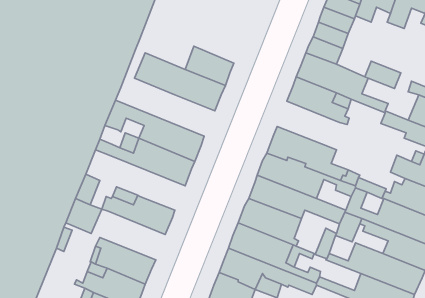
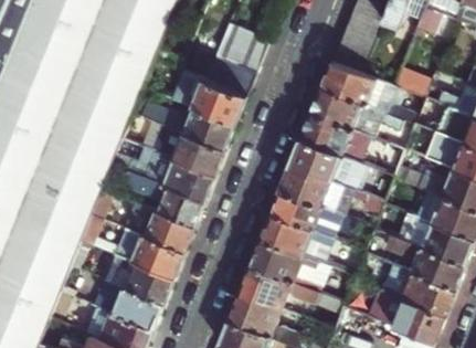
building: none -> [213,22,267,72]
building: none -> [131,97,235,148]
building: none -> [300,112,366,159]
building: none -> [119,168,204,225]
building: none -> [114,226,183,277]

